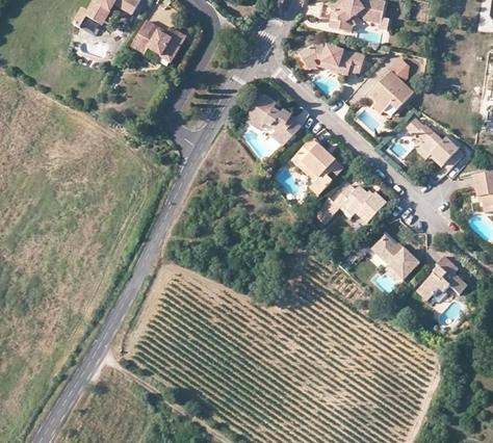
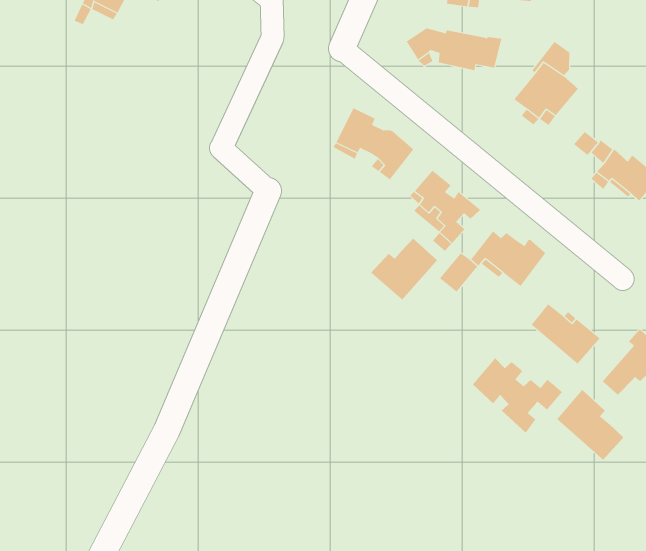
building: [132,20,186,62] -> none
building: none -> [370,238,438,301]
building: none -> [472,358,563,433]
building: none -> [557,389,624,460]

